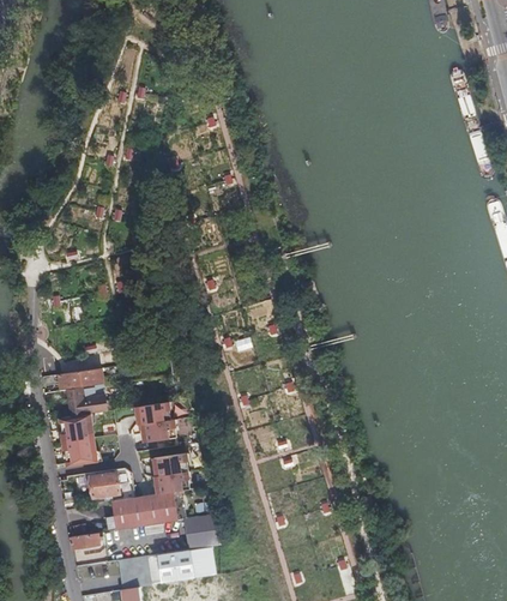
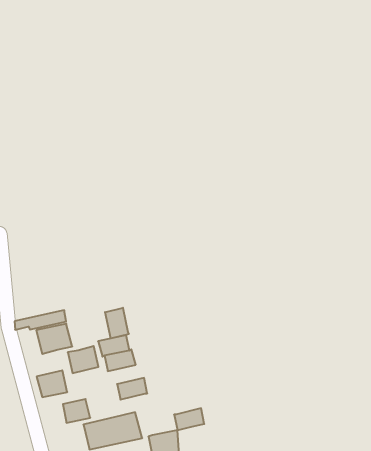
building: none -> [105,308,129,338]
building: [60,413,93,441] -> [68,346,98,373]
building: [155,470,188,493] -> [174,408,204,430]

